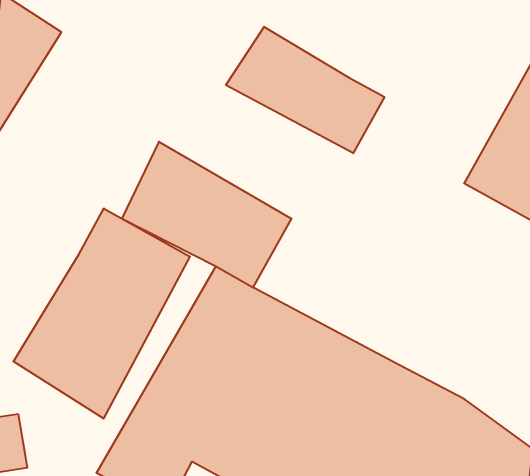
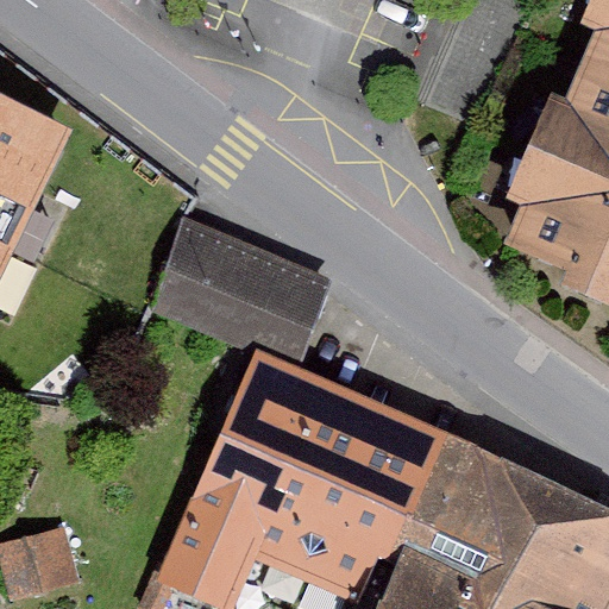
building: [226,27,384,153] -> none
building: [13,208,190,419] -> none

